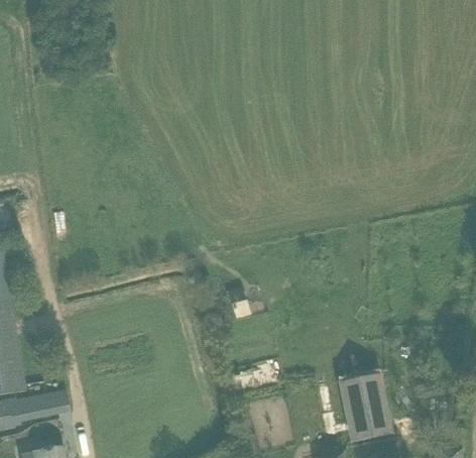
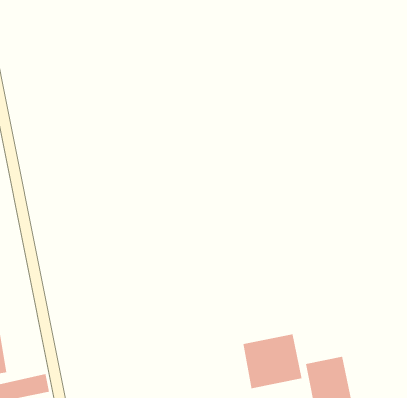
building: none -> [243,333,302,389]

